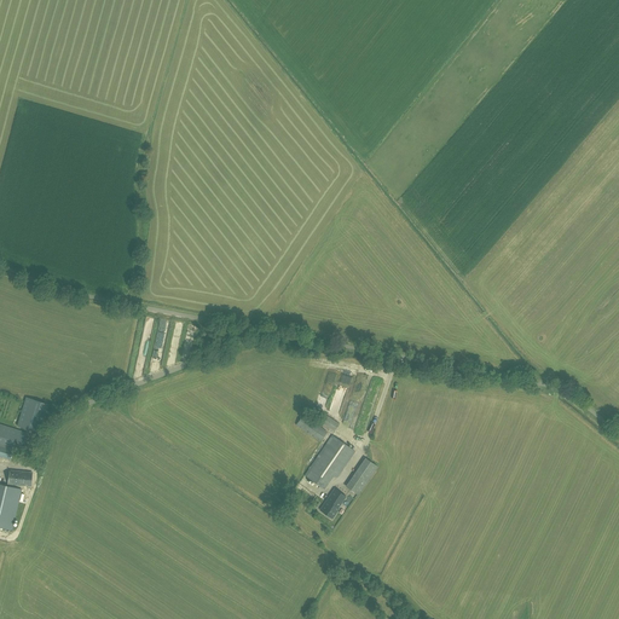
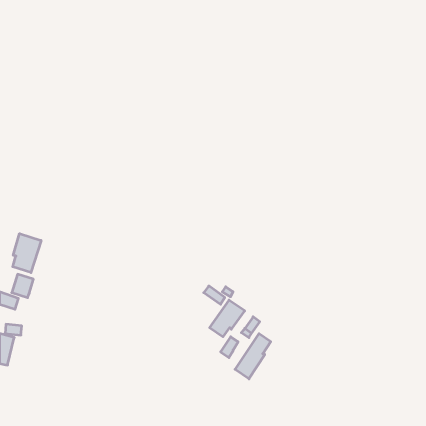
building: none -> [13,234,41,273]
building: none -> [235,334,271,379]

